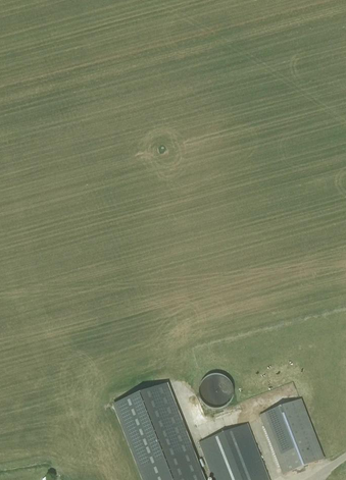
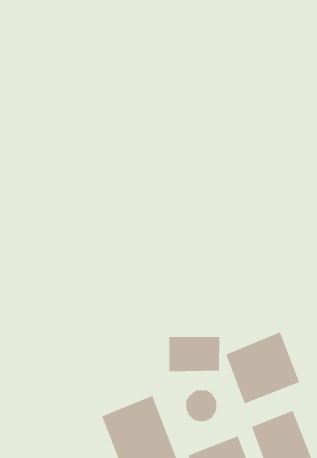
building: none -> [225,332,300,404]
building: none -> [169,336,220,372]

